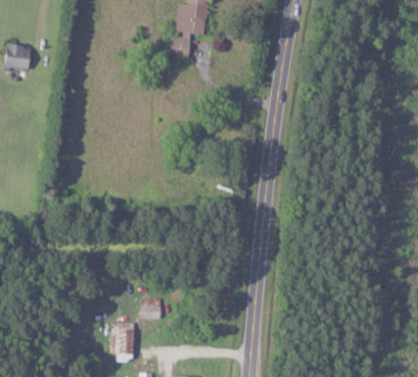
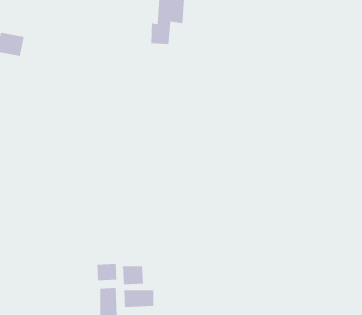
building: none -> [97,263,117,281]
building: none -> [124,290,154,308]

